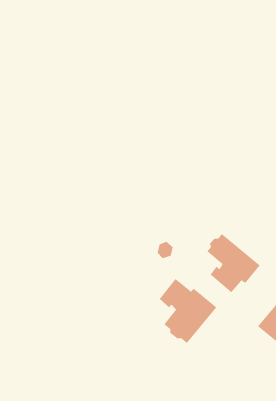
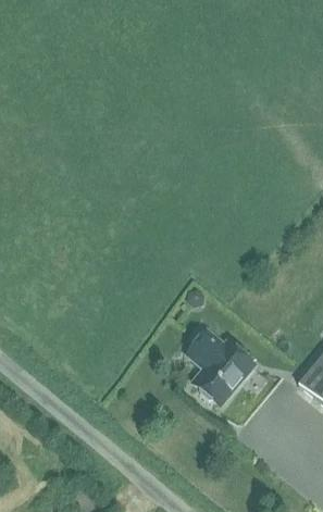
building: [207,233,261,293] -> none

